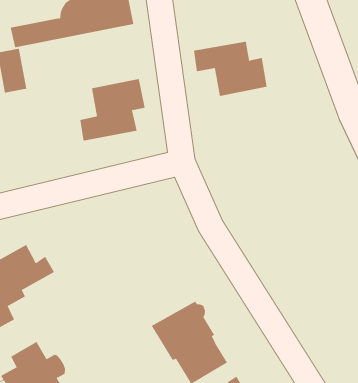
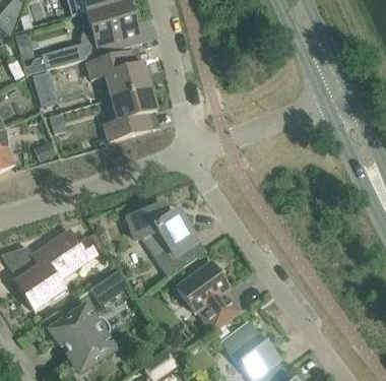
building: [193,41,268,96] -> [86,51,149,98]
building: none -> [127,206,198,277]
building: none -> [88,269,129,306]

